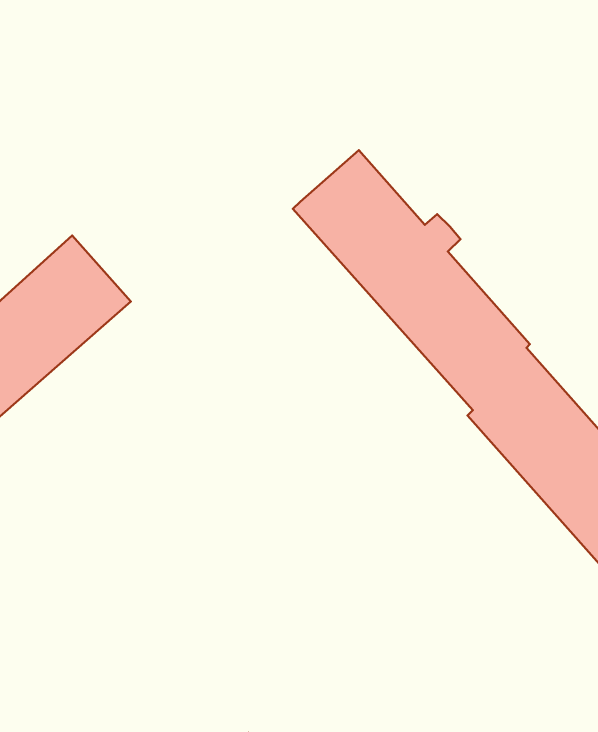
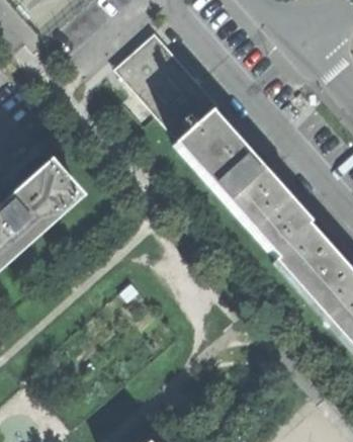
building: none -> [118,31,222,138]

